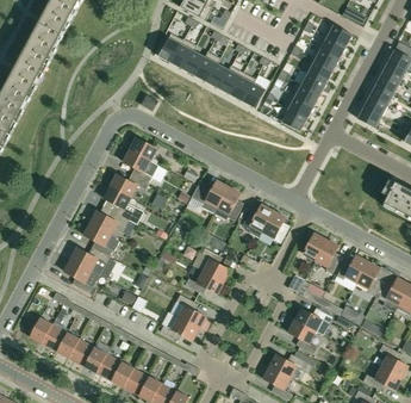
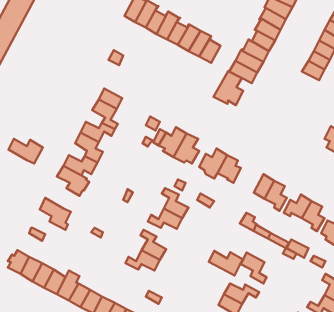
building: none -> [213,71,243,105]
building: [70,247,108,274] -> [9,139,43,163]
building: [294,308,332,335] -> [209,251,243,276]

